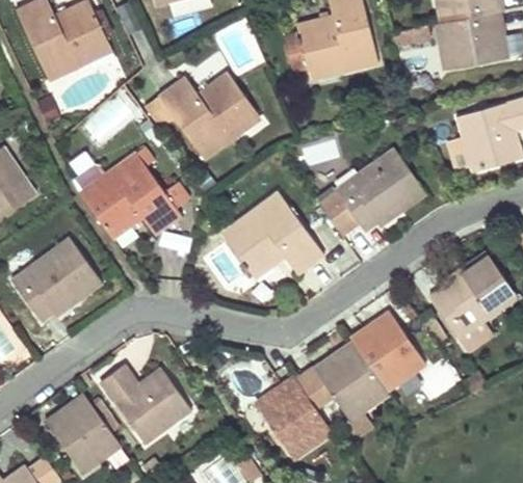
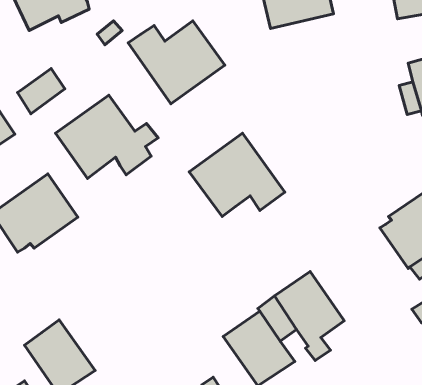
building: none -> [17,69,65,114]
building: [318,147,427,236] -> none
building: [349,310,424,400] -> none
building: [100,363,191,444] -> none

